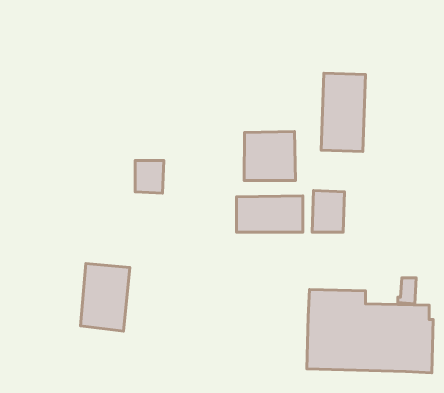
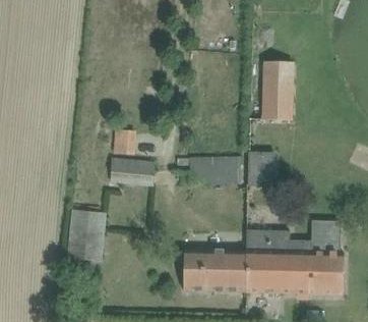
building: [244,131,295,181] -> none
building: none -> [109,156,156,186]
building: none -> [184,250,246,291]

